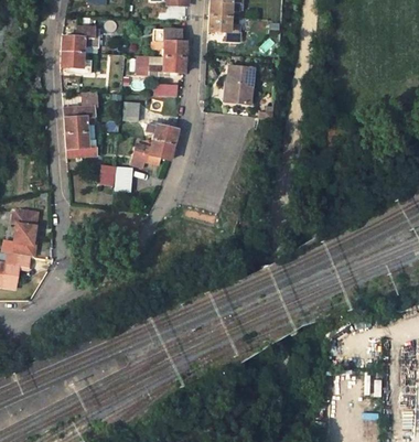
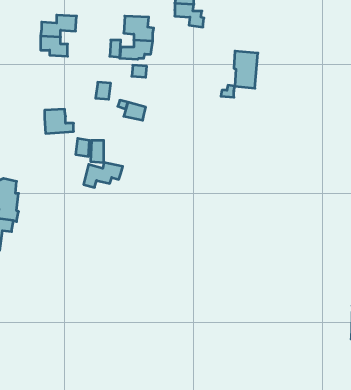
building: [228,63,255,104] -> [234,51,258,88]
building: [64,93,104,133] -> none
building: [131,140,174,168] -> [84,162,123,187]

